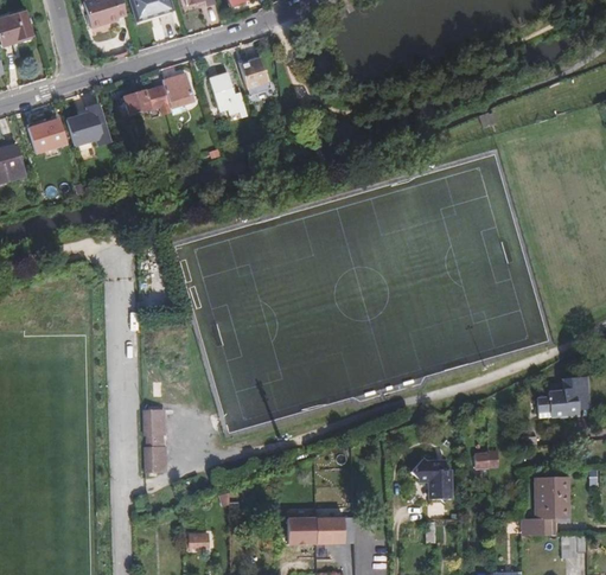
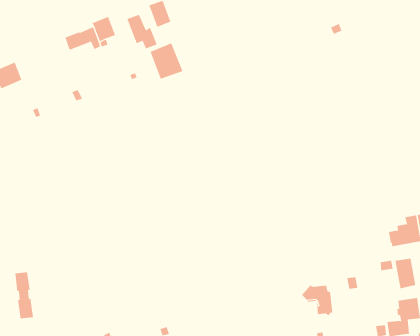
building: [66,106,110,148] -> none
building: none -> [150,42,183,80]
building: [148,411,168,473] -> [15,272,34,319]
building: none -> [395,258,416,289]

